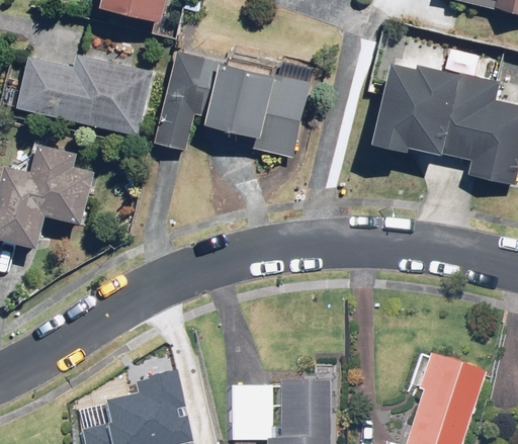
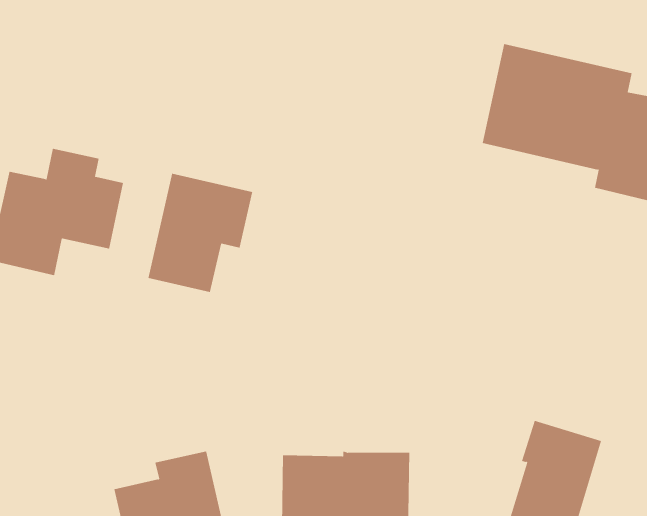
building: [156,50,314,157] -> none
building: [15,52,157,137] -> none
building: none -> [148,173,253,293]

